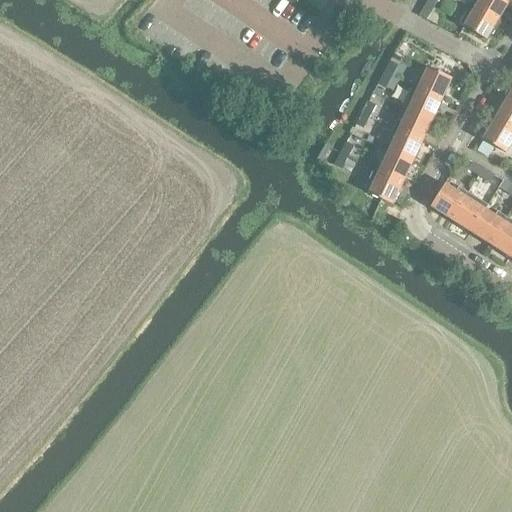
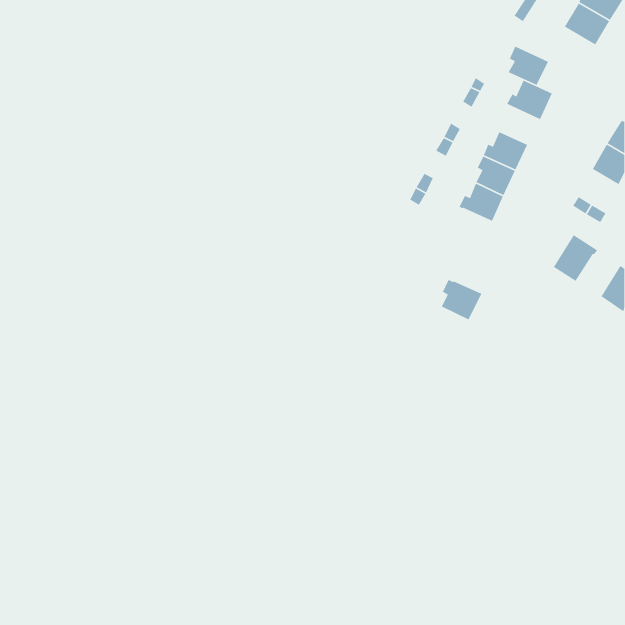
building: [407,85,441,118] -> [508,45,549,86]
building: [368,169,402,203] -> [441,279,482,320]
building: [431,183,468,218] -> none
building: [470,208,506,242] -> none

